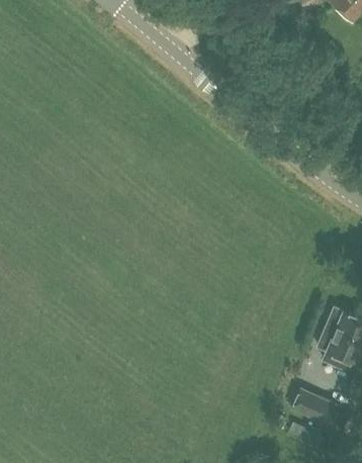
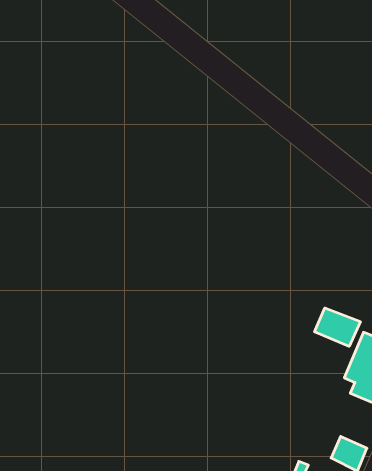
building: none -> [315,308,360,346]

